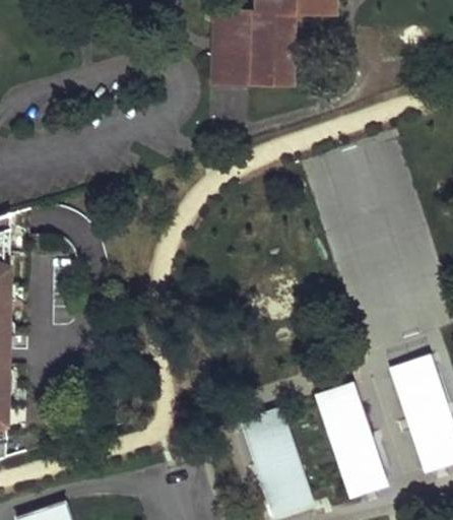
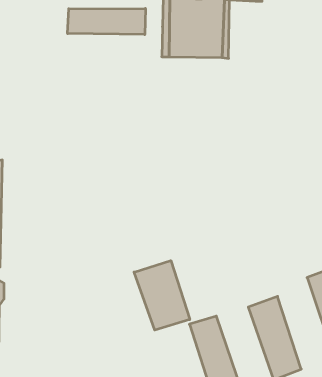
building: none -> [68,8,145,35]
building: none -> [134,261,190,330]

